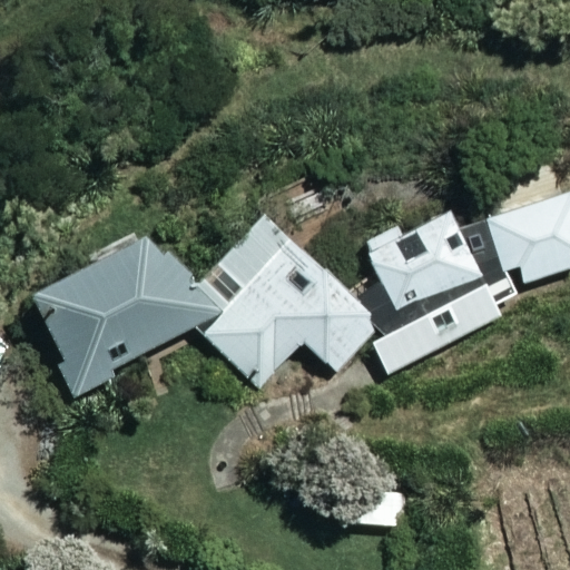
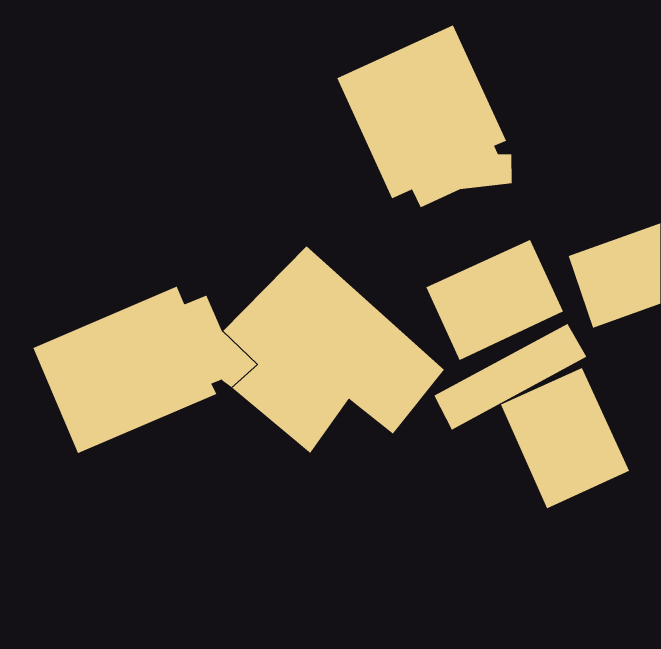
building: none -> [337,25,512,208]
building: none -> [500,367,630,509]

